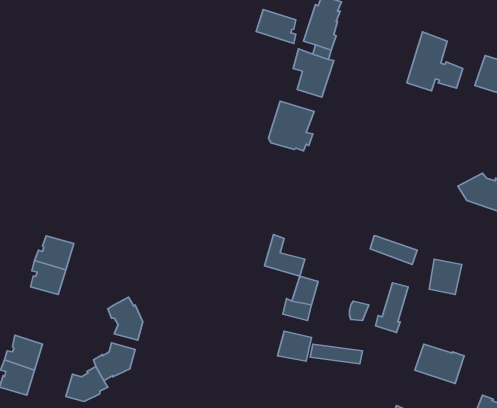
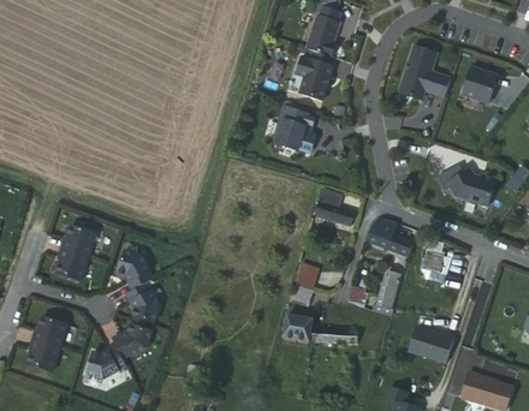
building: [256,9,296,44] -> none
building: [264,234,305,276] -> [314,187,351,226]
building: none -> [117,252,151,291]

